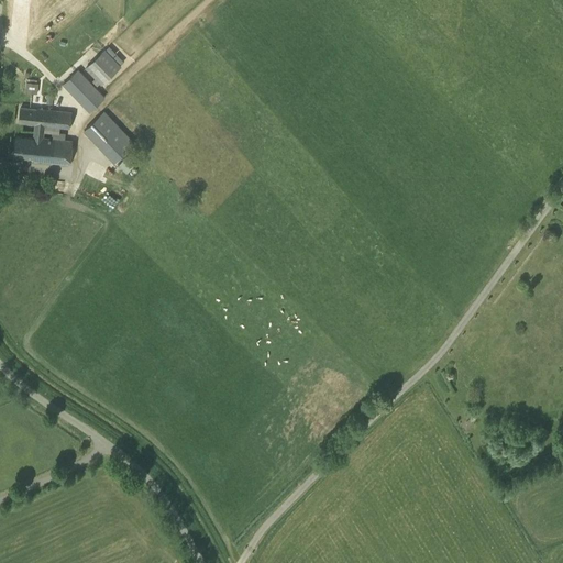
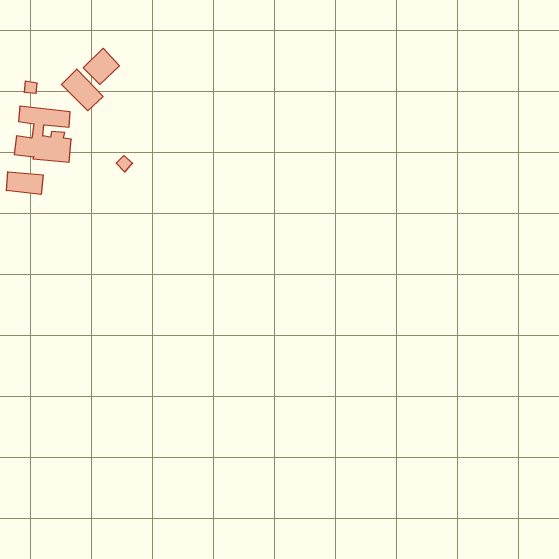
building: [81,111,134,164] -> none
building: none -> [6,172,43,194]

